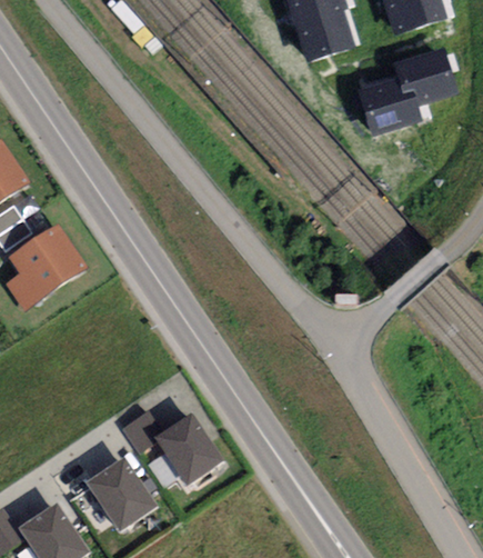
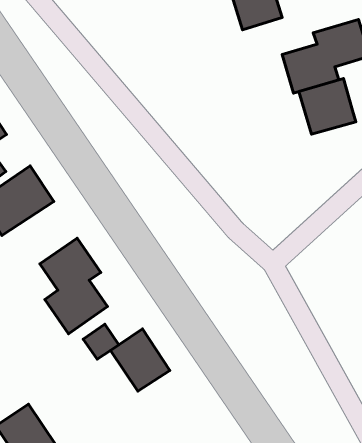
building: none -> [299,78,356,134]
building: none -> [40,238,107,334]
building: [88,456,158,529] -> none

